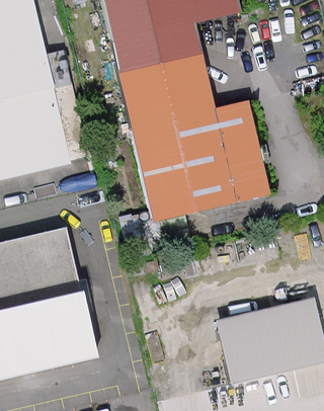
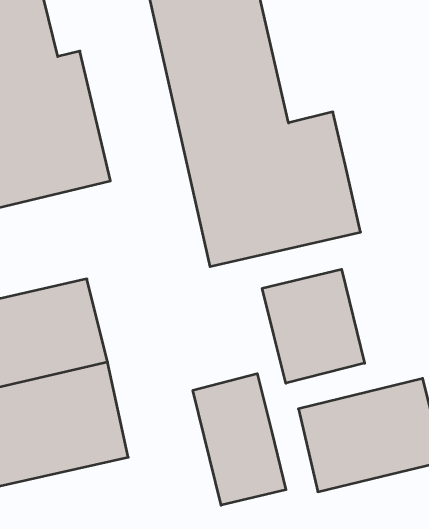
building: none -> [262,269,365,383]
building: none -> [193,374,286,505]

